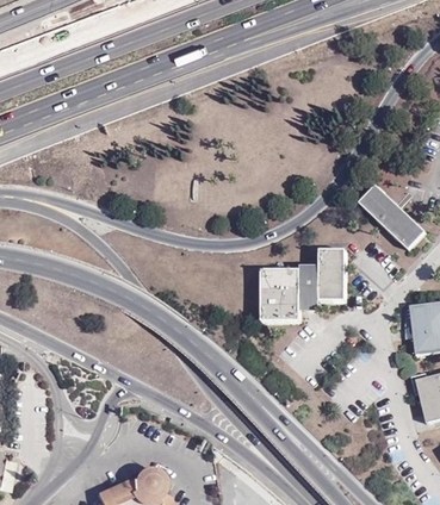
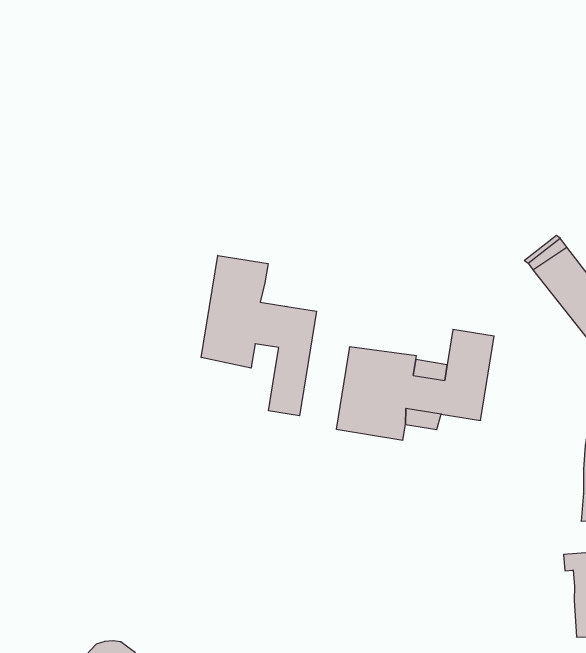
building: none -> [201,255,316,416]

